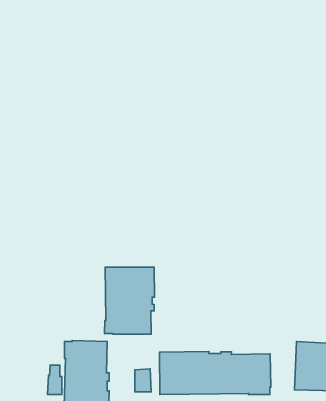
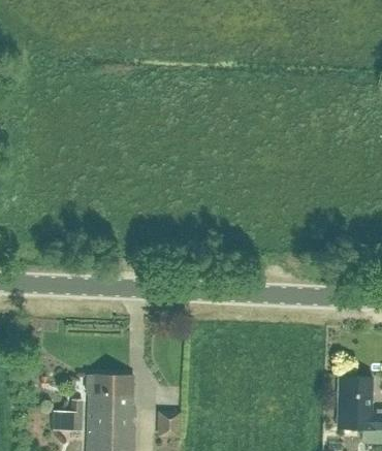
building: [104,267,154,334] -> none
building: [159,352,271,395] -> none

